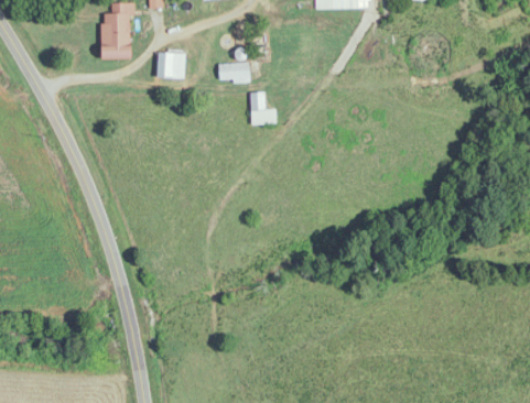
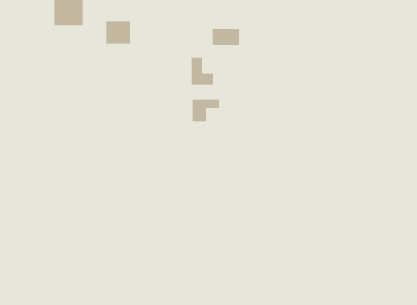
building: [218,63,249,81] -> [212,29,240,46]
building: none -> [192,99,219,122]

